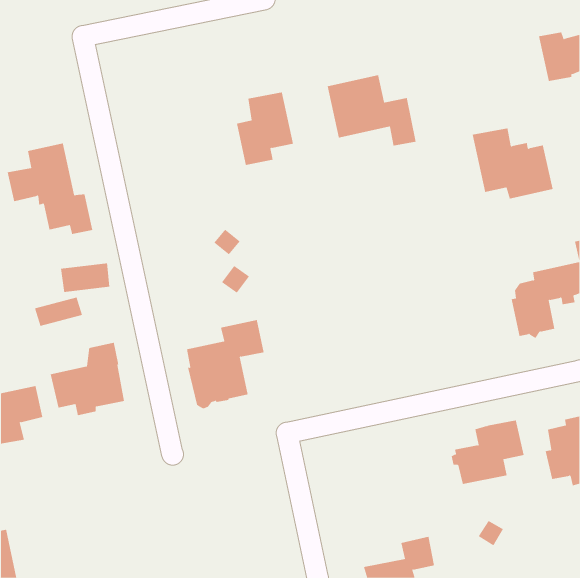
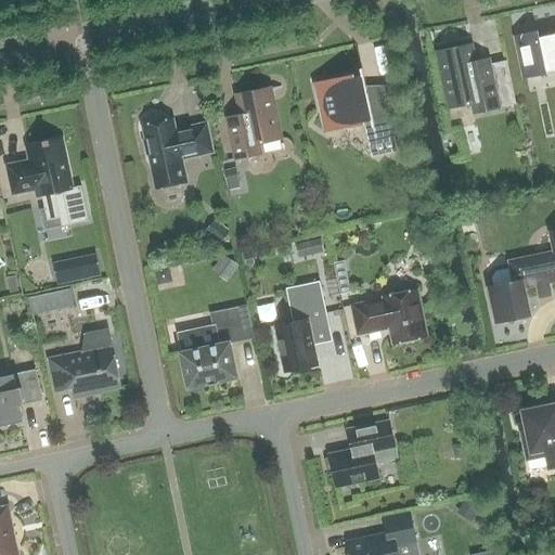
building: none -> [142,118,212,190]
building: [472,128,554,199] -> [437,44,515,113]
building: none -> [274,281,330,372]
building: none -> [351,289,426,343]
building: [451,420,524,485] -> [325,425,396,487]

